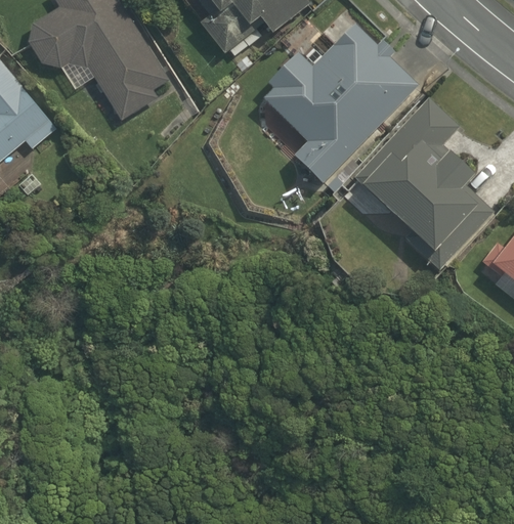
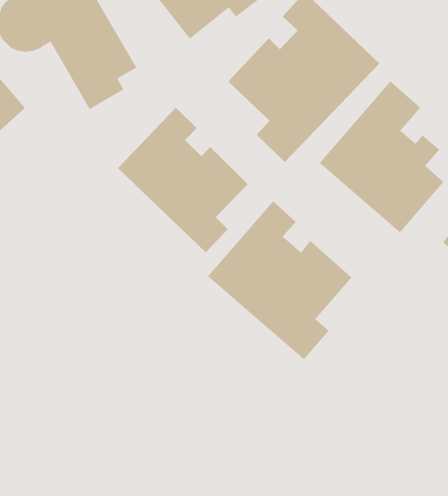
building: none -> [117,107,248,253]
building: none -> [207,200,352,360]

